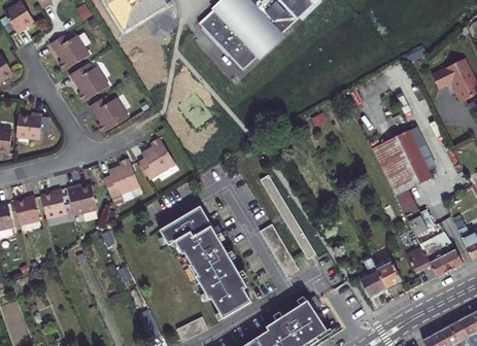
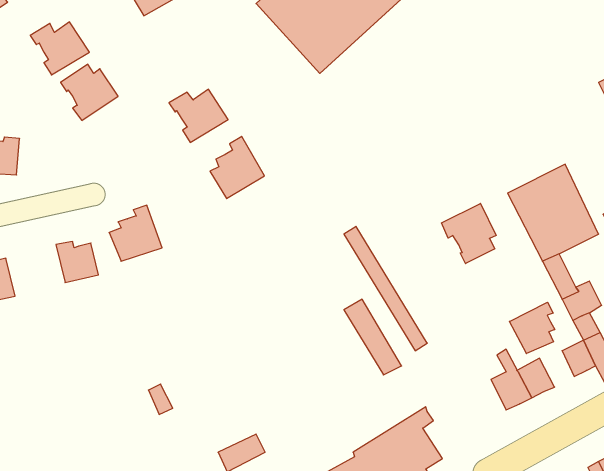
building: [88,96,128,132] -> [169,89,228,142]
building: [135,137,172,179] -> [210,136,264,199]
building: none -> [441,203,496,264]
building: [39,188,65,218] -> none
building: [159,204,251,316] -> none
building: none -> [509,302,555,354]

